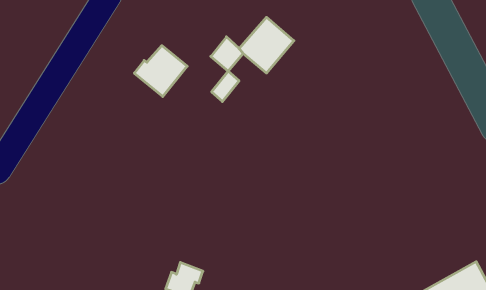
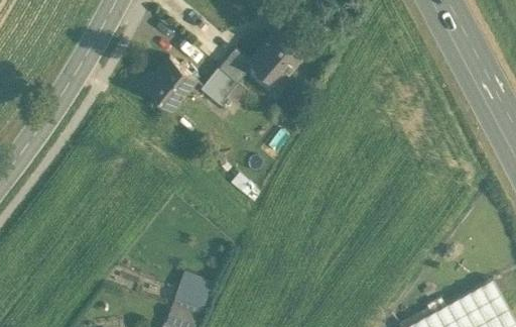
building: none -> [201,68,238,105]

